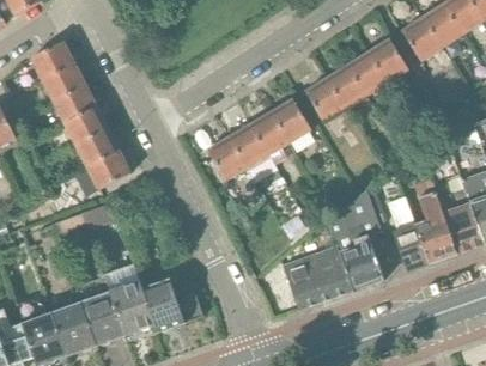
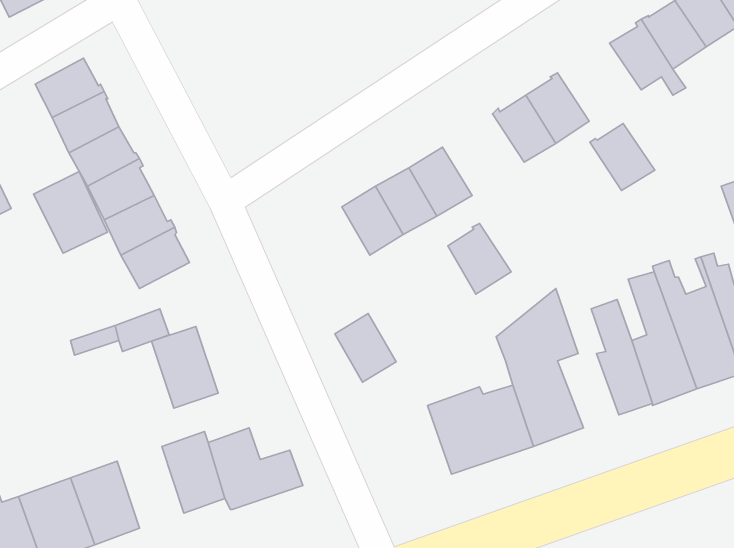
building: [367,38,409,81] -> [590,124,655,190]
building: [305,77,346,122] -> [448,224,511,294]
building: none -> [33,171,107,253]
building: [207,136,247,181] -> [335,314,396,382]
building: [84,291,127,343] -> [151,326,218,408]

